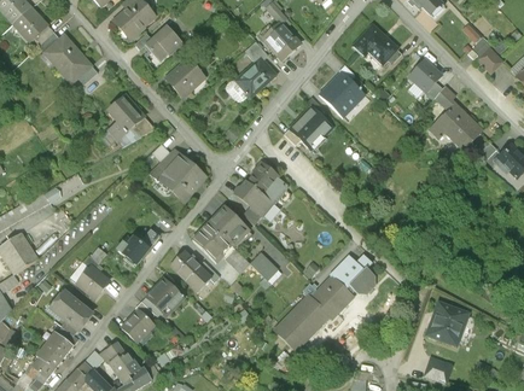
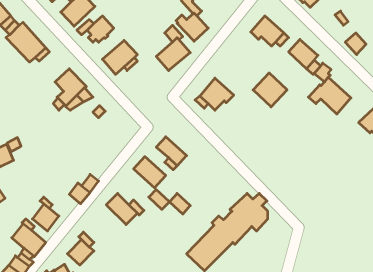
building: [320,72,363,116] -> [253,73,287,107]
building: [150,146,208,204] -> none
building: [245,164,286,204] -> none
building: [190,221,231,262] -> none
building: [144,279,179,315] -> none
building: [424,298,468,346] -> none

